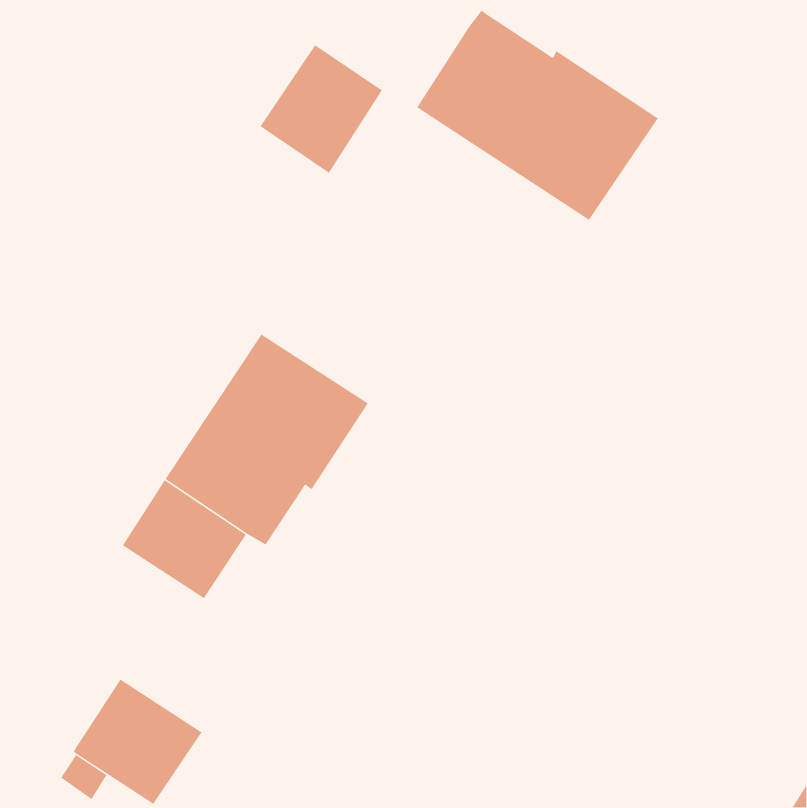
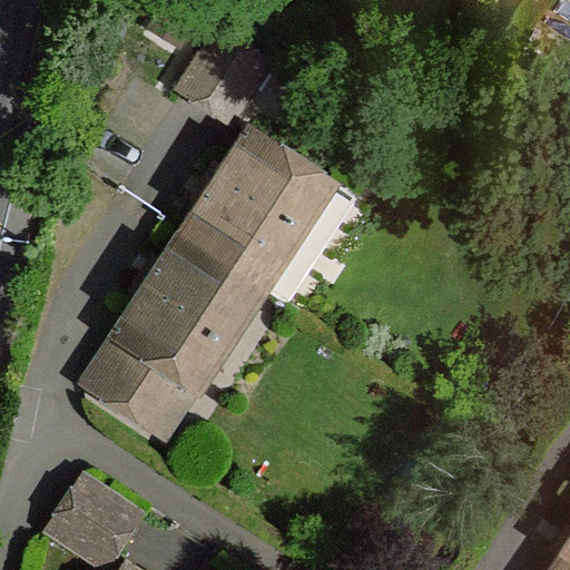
building: [416,10,659,221] -> none
building: none -> [184,131,323,284]

